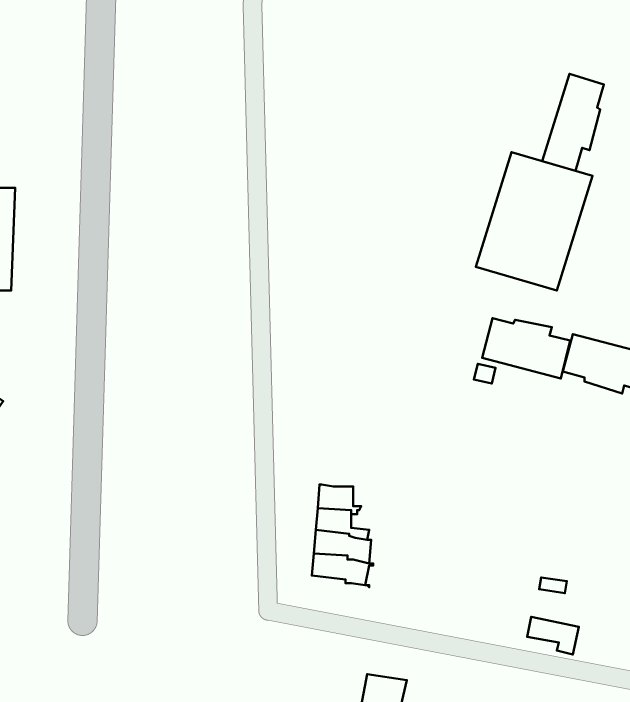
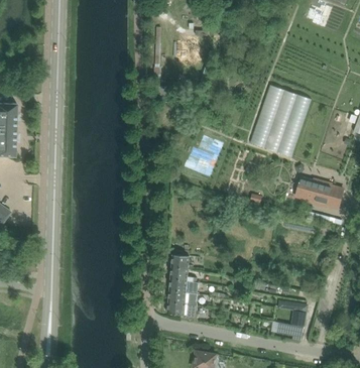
building: [542,74,604,171] -> none
building: [482,318,570,378] -> none
building: none -> [166,301,198,322]

